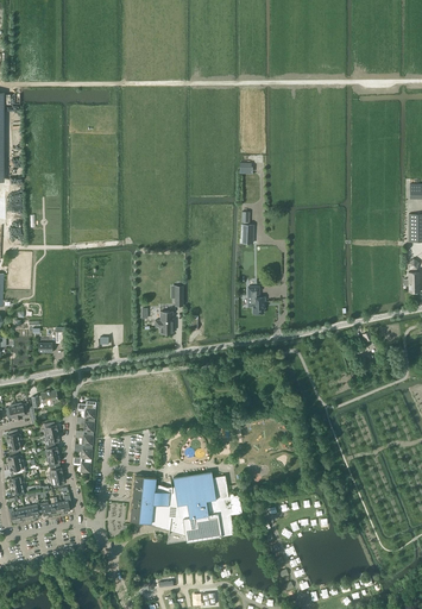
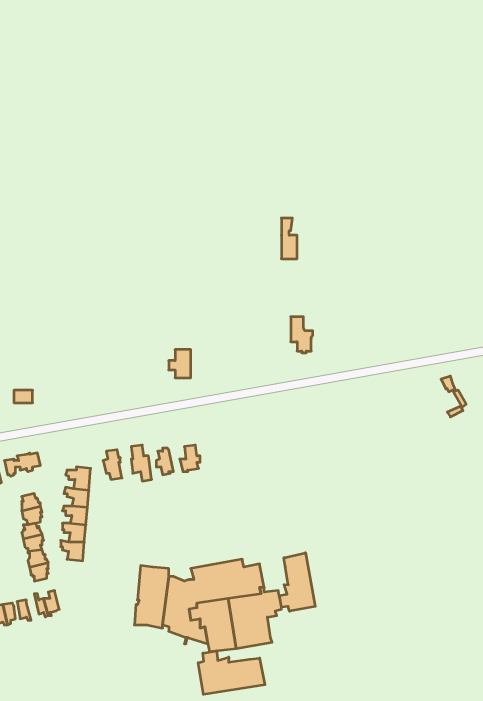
building: none -> [279,553,315,611]
building: none -> [198,651,265,694]

